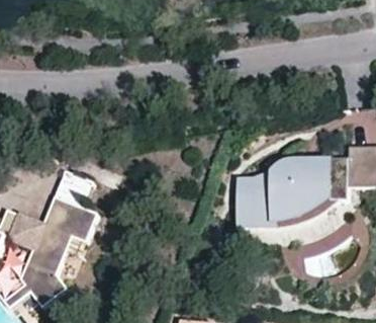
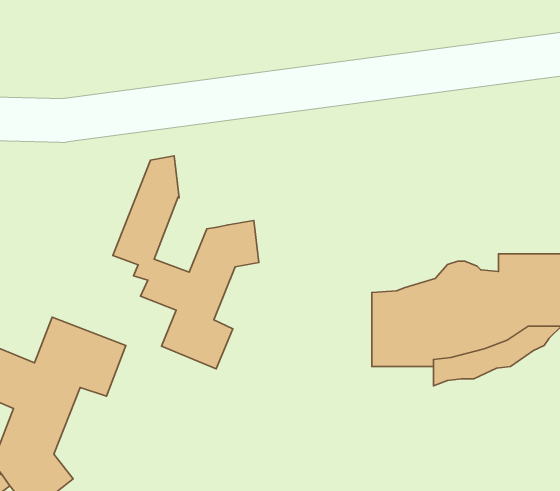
building: none -> [113,156,259,369]

